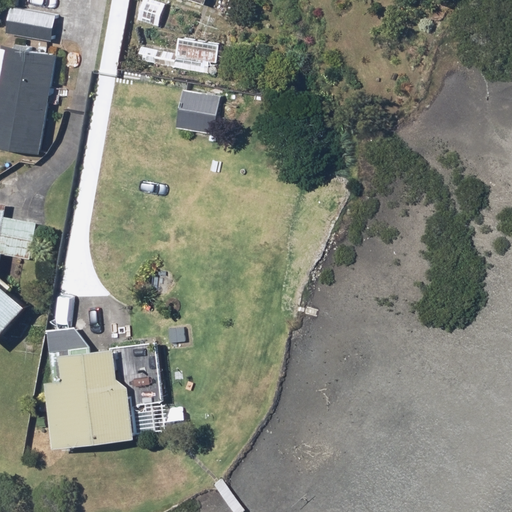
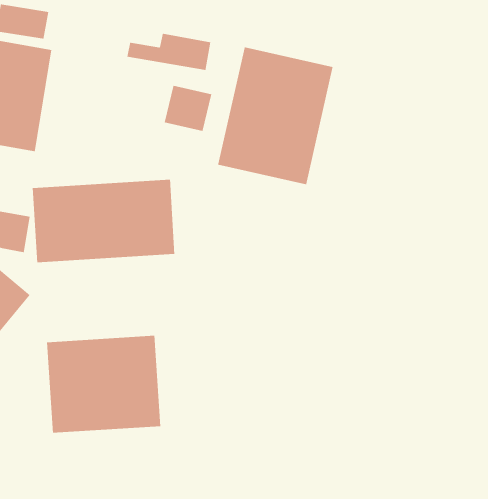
building: none -> [218,46,333,185]
building: none -> [32,179,175,263]

